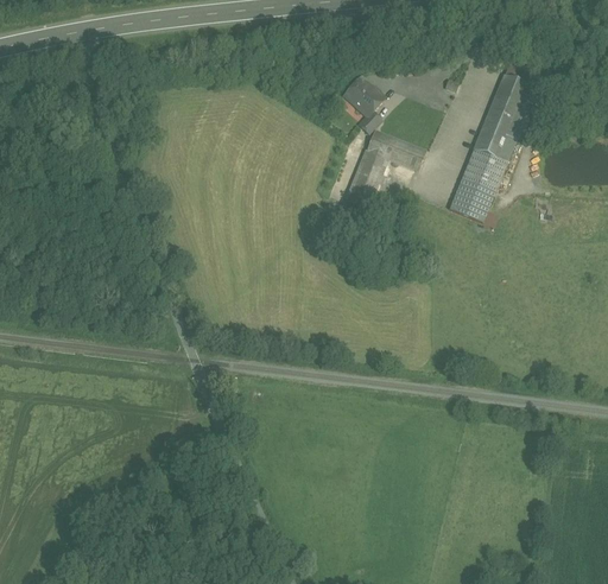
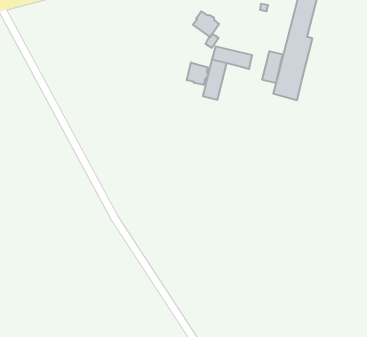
building: none -> [262,51,283,83]
building: none -> [187,62,208,85]

